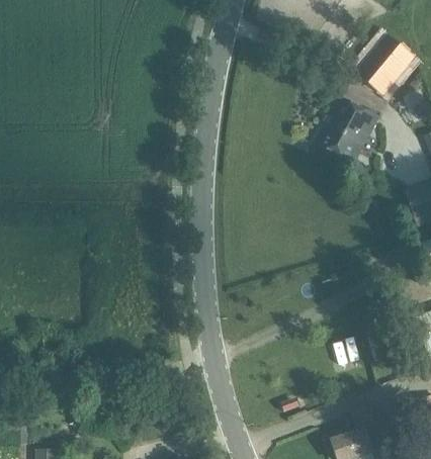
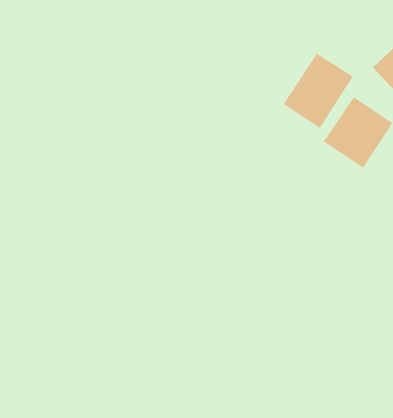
building: none -> [283,53,354,129]

